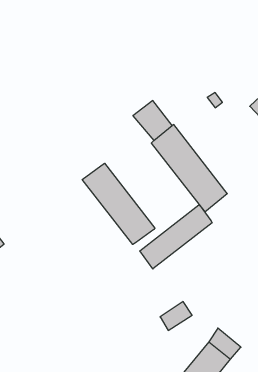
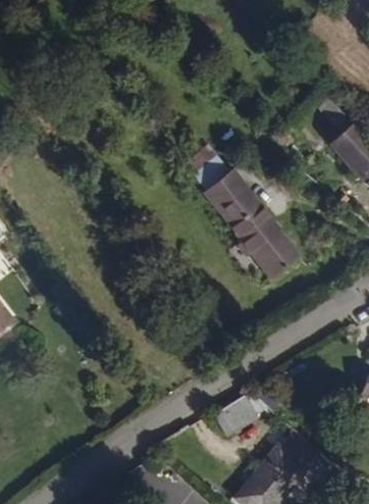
building: [82,163,155,244] -> none
building: [140,205,212,269] -> none

